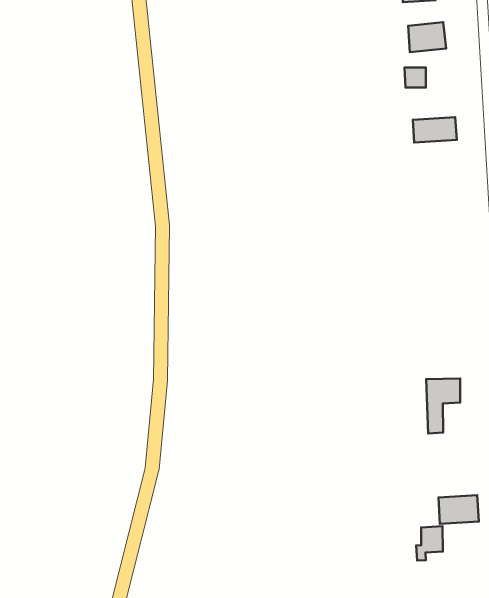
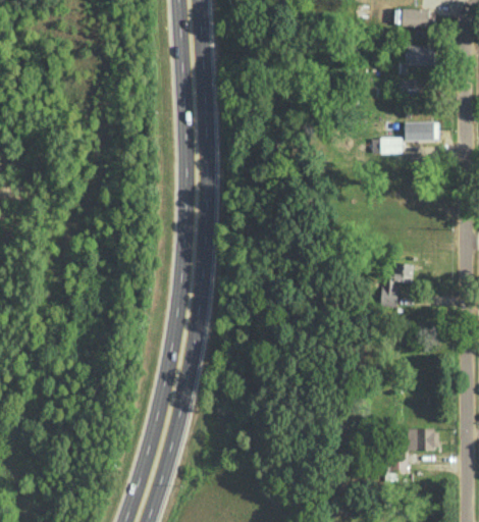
building: none -> [372,139,403,154]
building: [426,378,460,433] -> [385,263,414,307]

